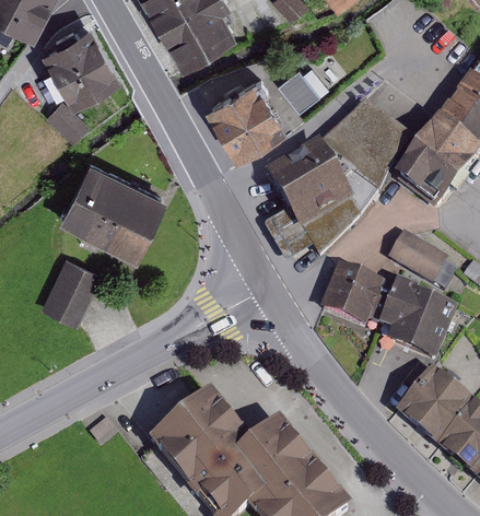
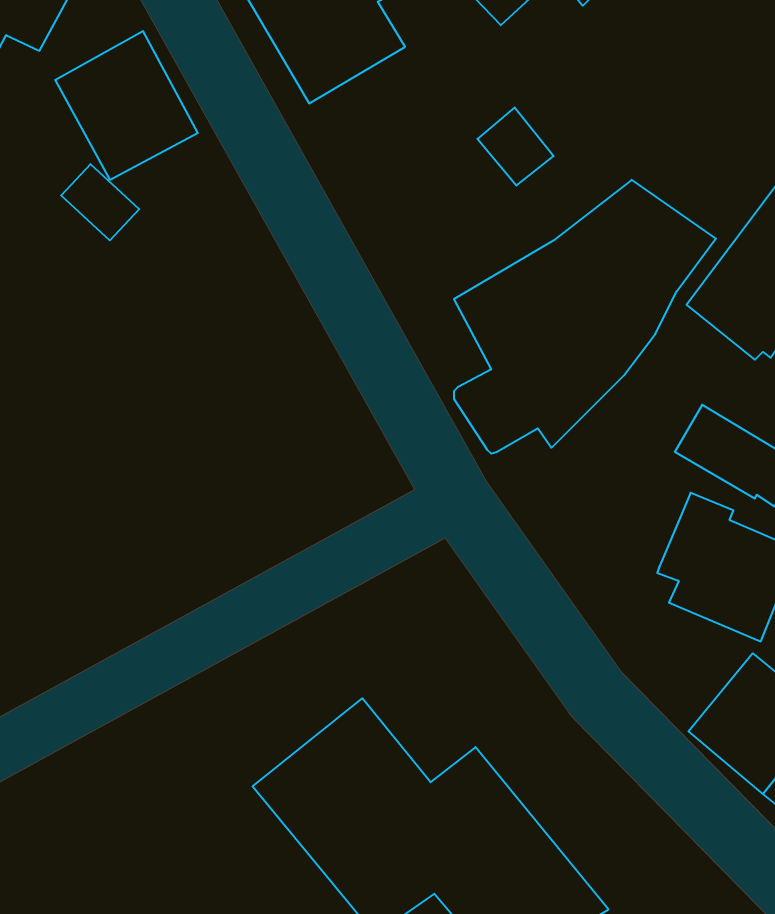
building: [204,71,286,154] -> none
building: [58,153,167,254] -> none
building: [40,250,102,319] -> none
building: [320,260,395,324] -> none

